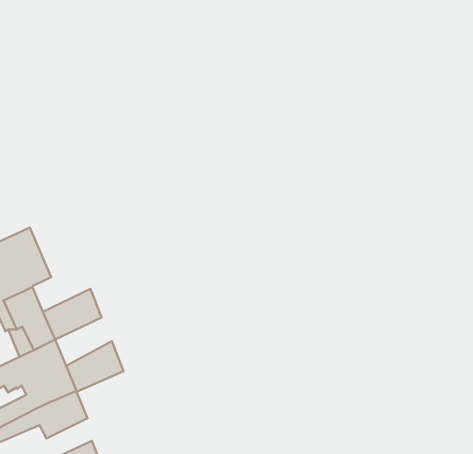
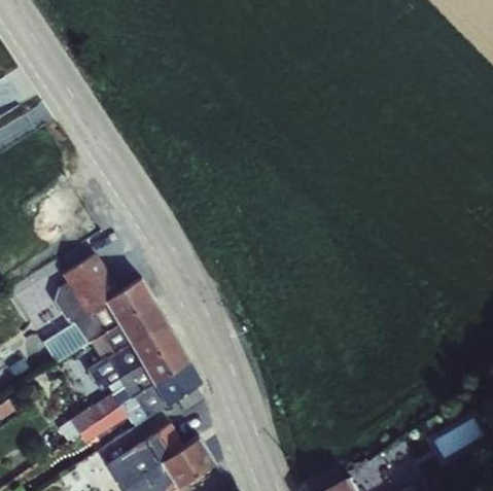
building: none -> [102,278,150,322]
building: none -> [127,320,174,364]
building: none -> [150,362,200,406]

